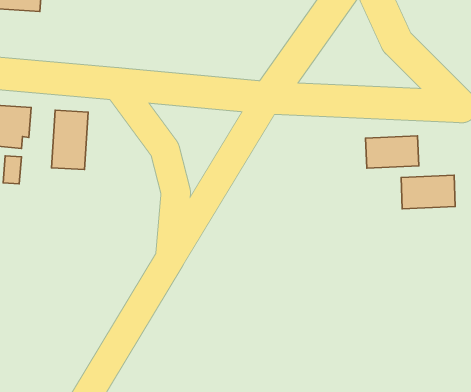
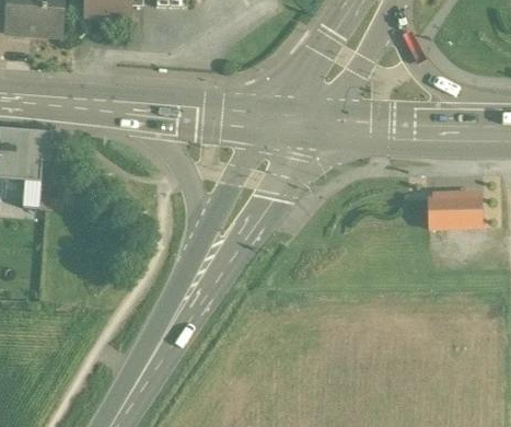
building: [52,110,88,170] -> none
building: [366,136,419,168] -> none

